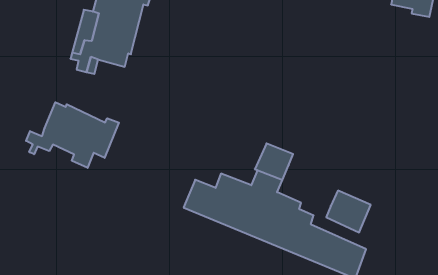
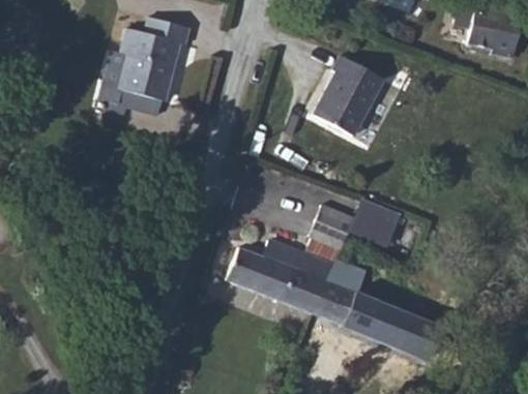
building: none -> [314,56,384,135]
building: [26,102,119,168] -> none
building: [326,191,371,232] -> [349,200,401,248]

